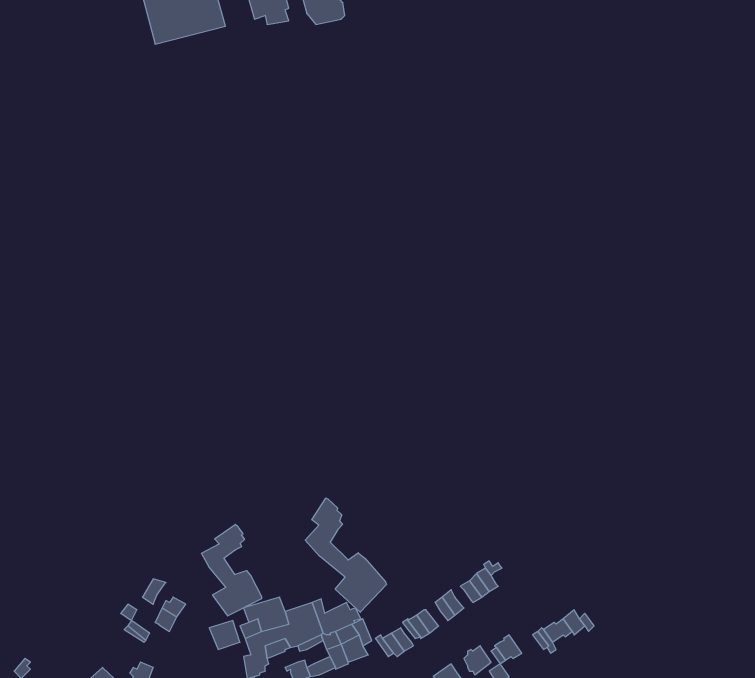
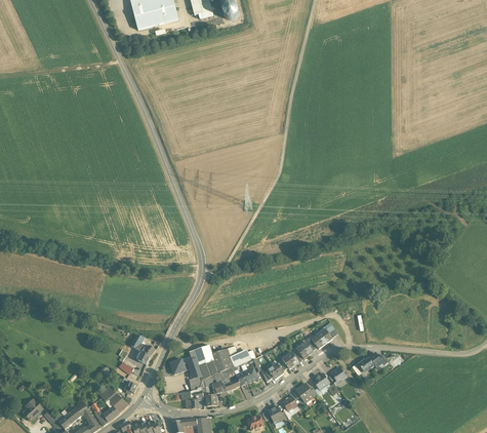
building: [305,498,386,612] -> none
building: [201,524,262,616] -> none

